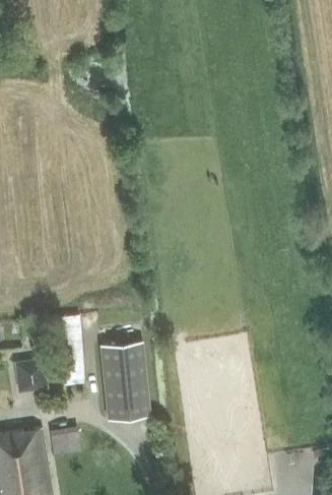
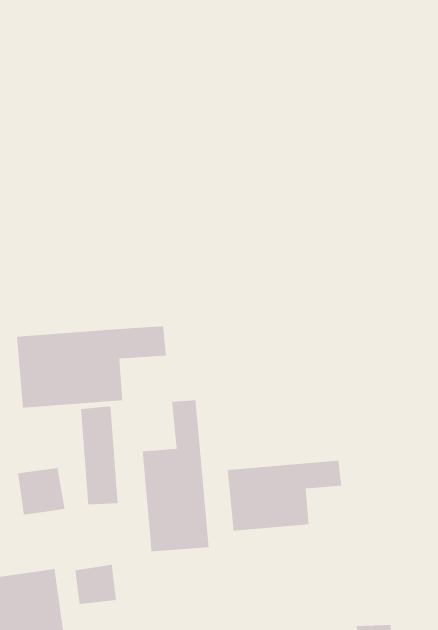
building: none -> [16,325,167,408]
building: none -> [227,460,342,532]

